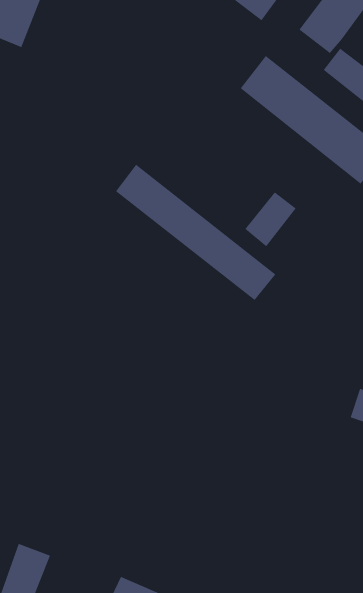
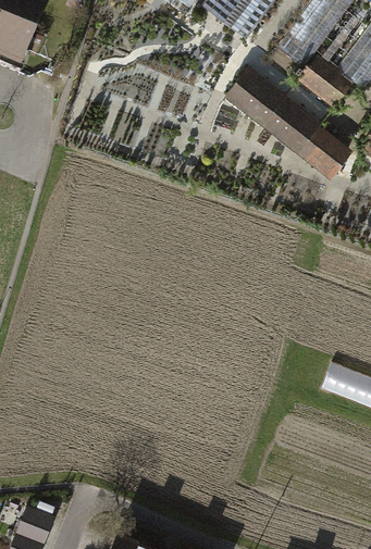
building: [115,164,276,301] -> none
building: [245,191,296,247] -> none

